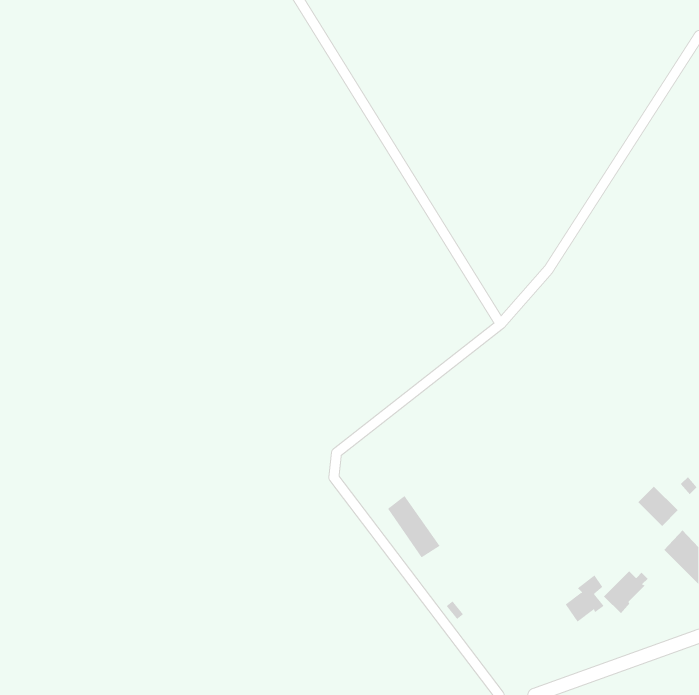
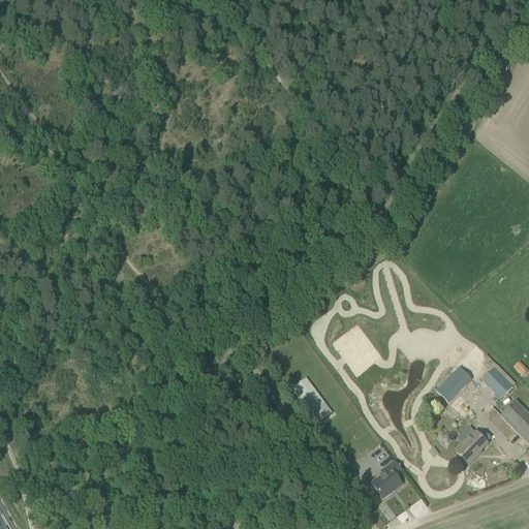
building: none -> [435,372,465,402]
building: [565,575,604,622] -> [372,460,402,496]

